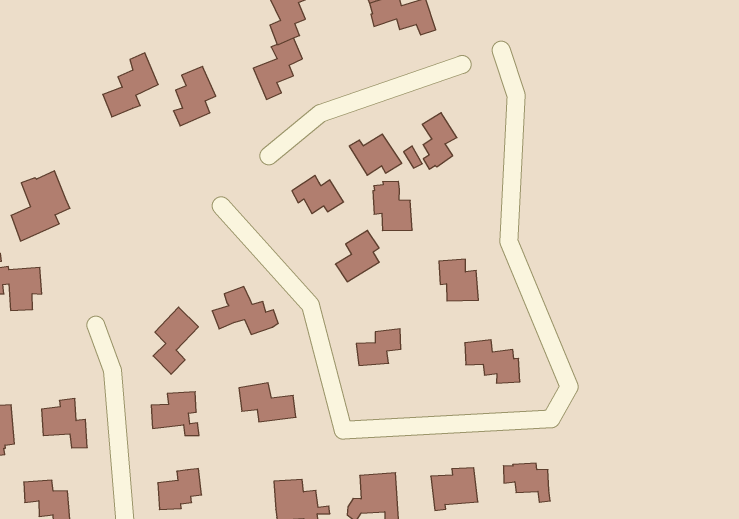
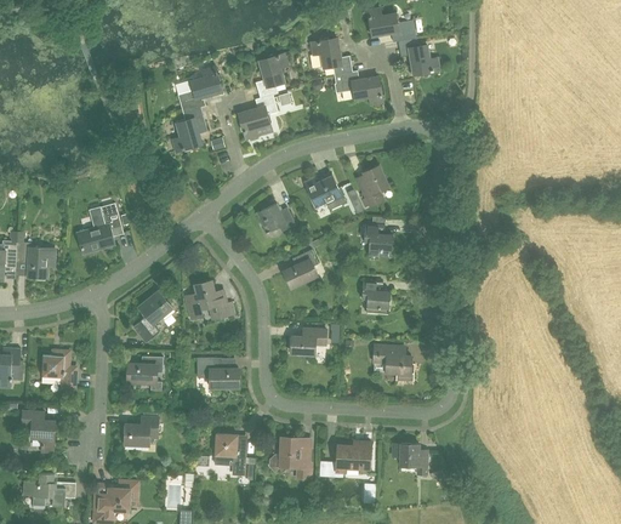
building: [103,53,158,117] -> [177,66,221,112]
building: [11,171,70,241] -> [78,203,124,254]
building: [373,181,412,231] -> [363,216,392,256]

